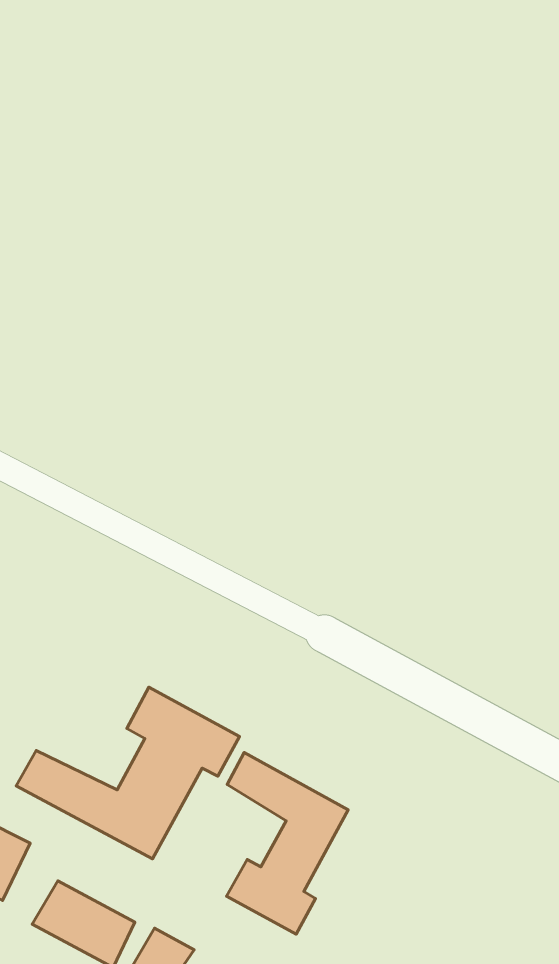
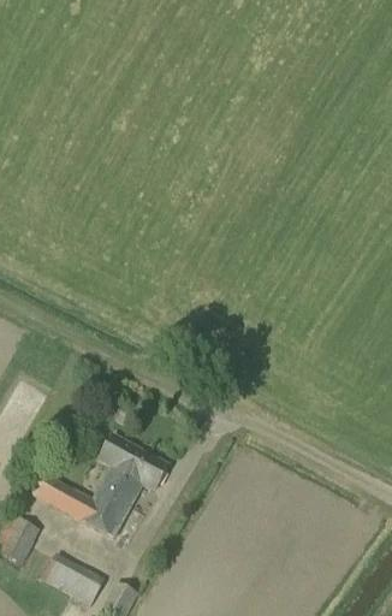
building: [227,752,348,934] -> none

